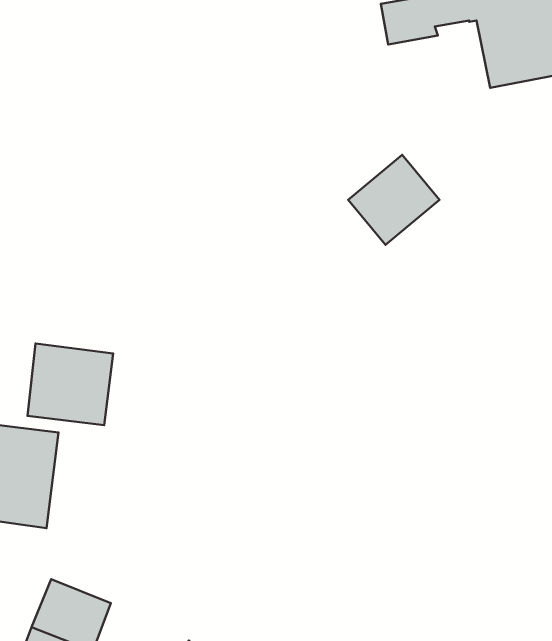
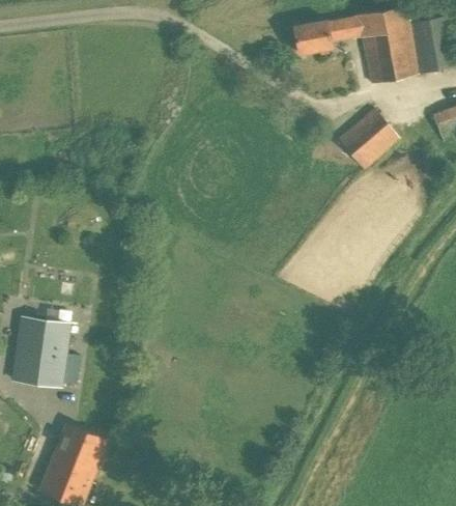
building: [348,155,440,245] -> [337,108,400,170]
building: [27,344,113,425] -> none

